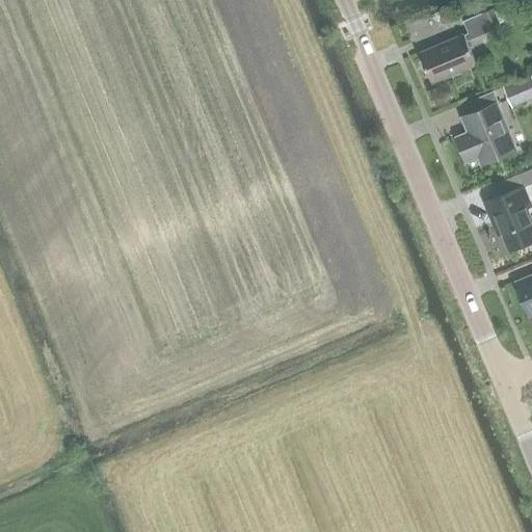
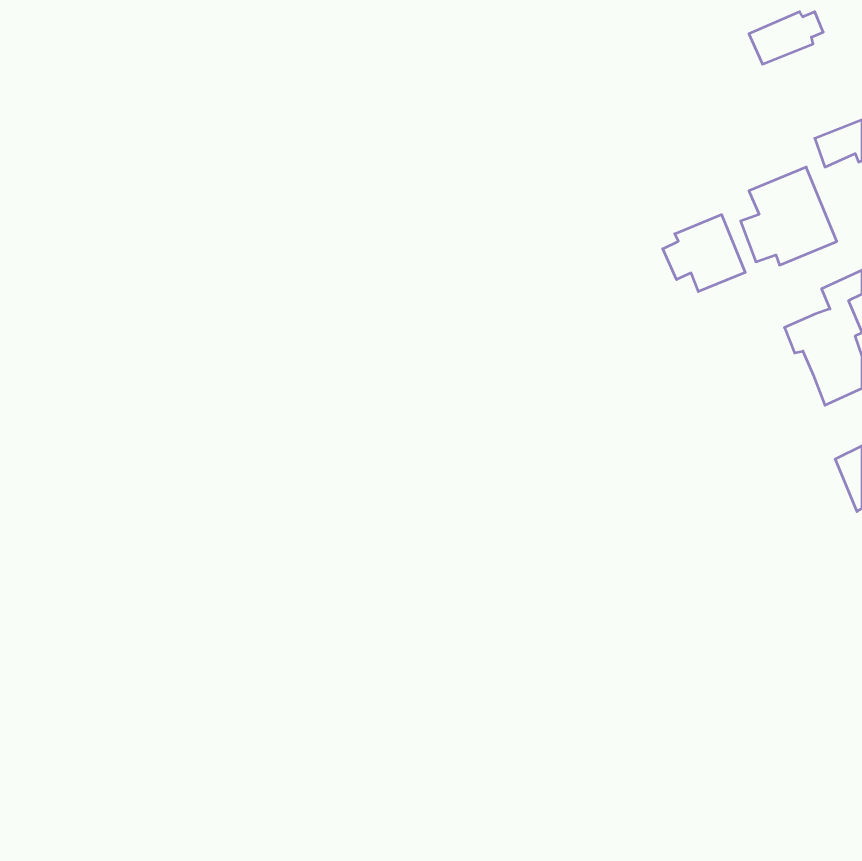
building: [419,35,476,83] -> none
building: none -> [663,215,745,292]

